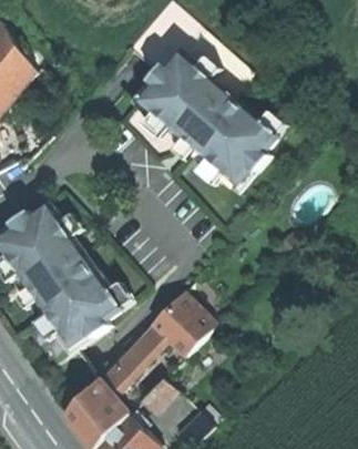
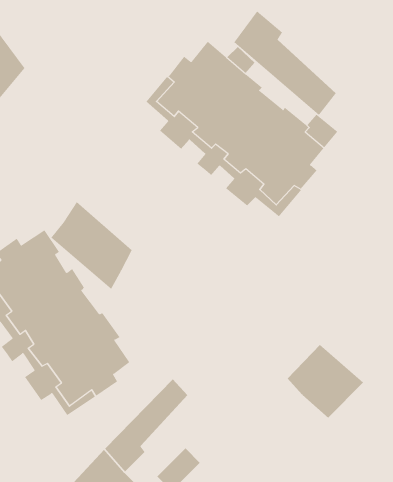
building: none -> [233,11,337,116]
building: none -> [50,201,132,290]
building: [155,294,217,354] -> [287,344,364,419]

